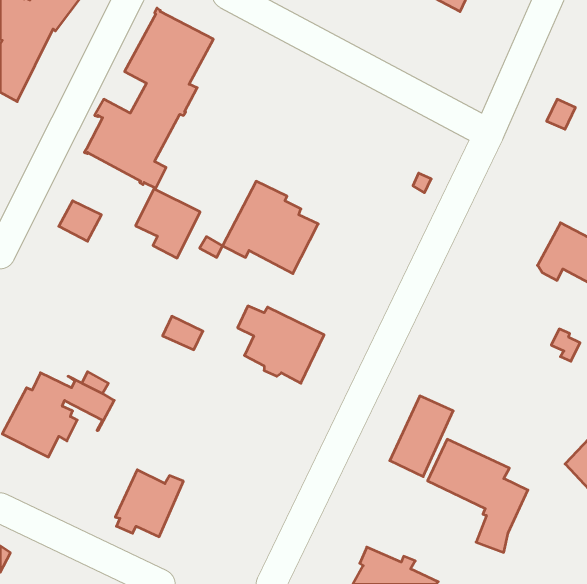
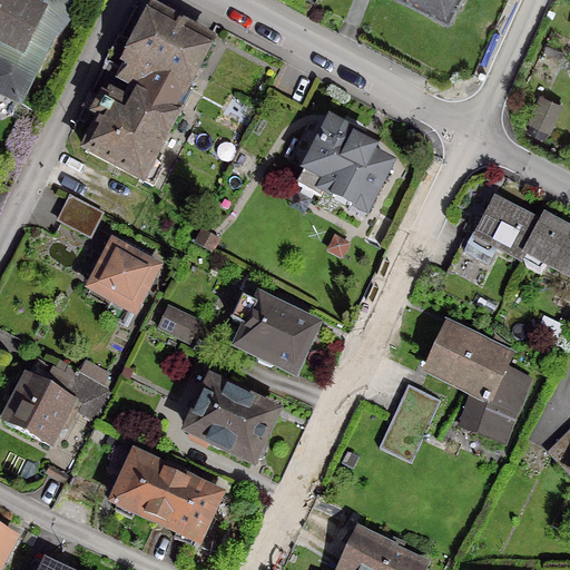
building: [223,181,318,274] -> [297,120,390,209]
building: [136,189,200,258] -> [95,240,157,307]
building: none -> [463,198,543,262]
building: none -> [188,380,274,458]
building: [428,439,528,552] -> [429,326,525,435]
building: none -> [156,464,218,542]

